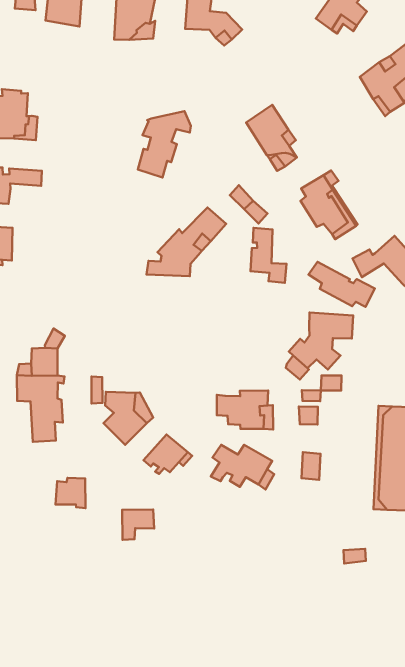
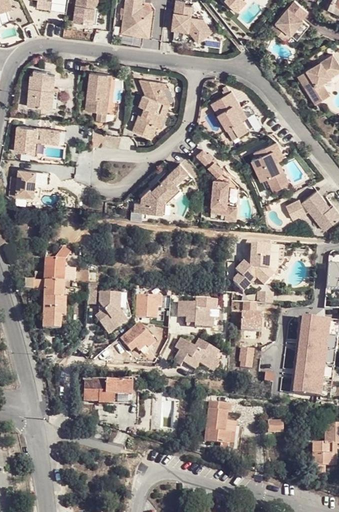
building: none -> [85,70,111,110]
building: none -> [138,78,172,101]
building: [308,262,375,307] -> none
building: none -> [135,295,158,319]
building: [56,478,86,508] -> [82,381,105,404]
building: none -> [207,402,233,445]

